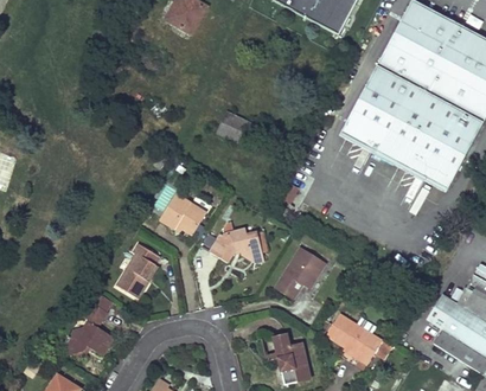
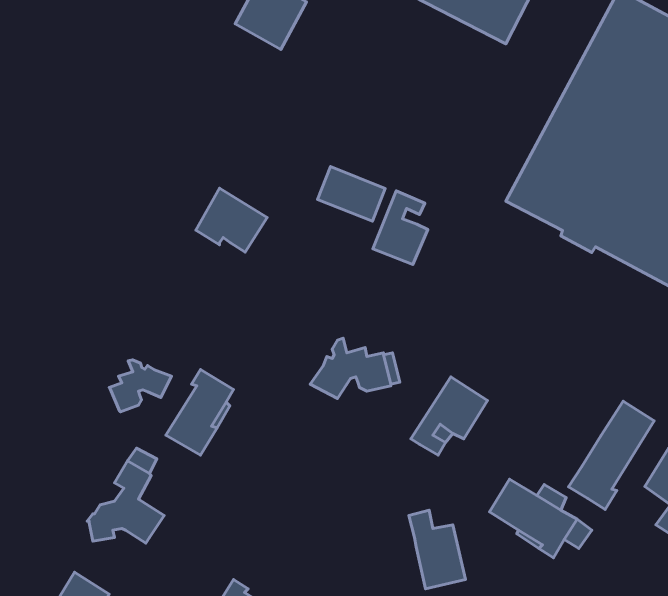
building: none -> [373,191,428,265]
building: [160,193,206,235] -> [196,188,267,252]
building: none -> [109,360,171,412]
building: none -> [569,401,654,509]

